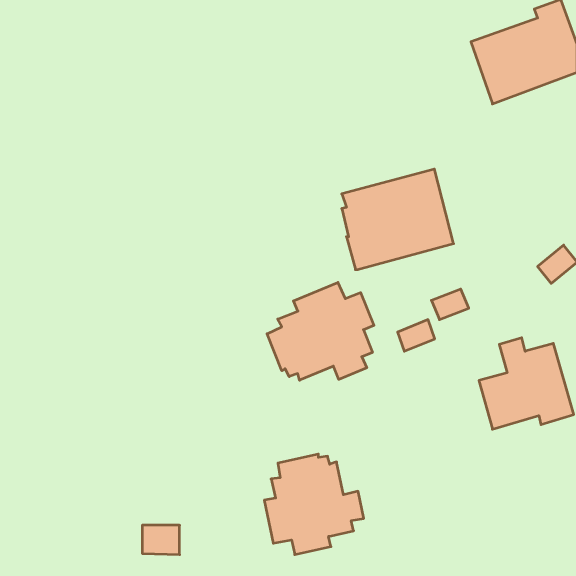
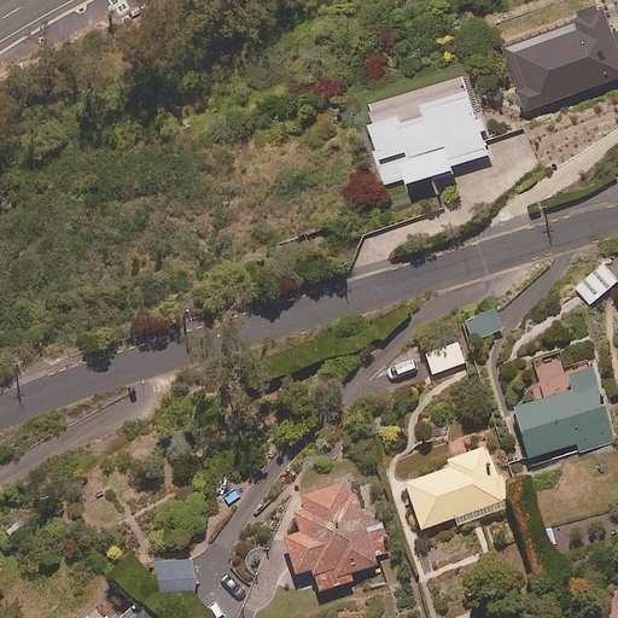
building: [342,169,454,270] -> [369,78,489,186]
building: [267,282,374,380] -> none
building: none -> [402,447,506,531]

